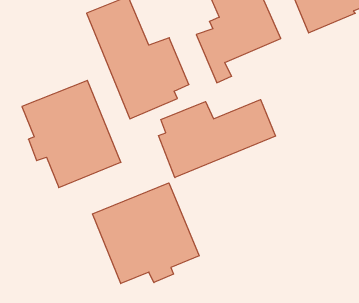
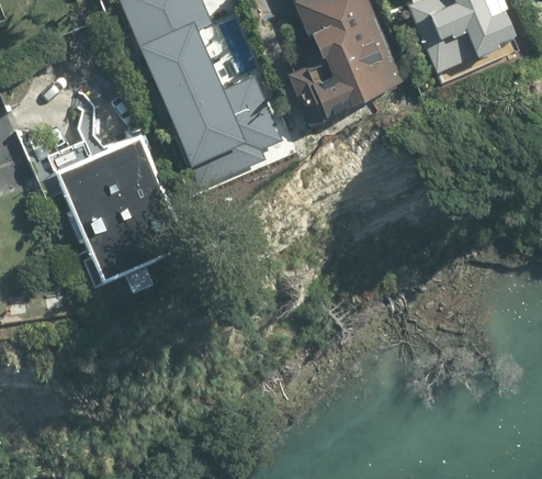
building: [159,100,276,178] -> none
building: [92,183,199,284] -> none

